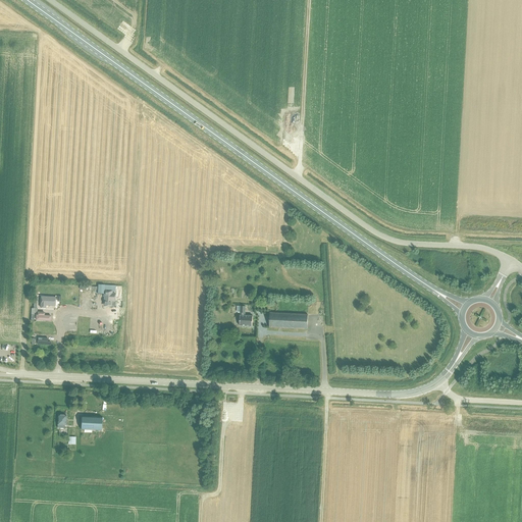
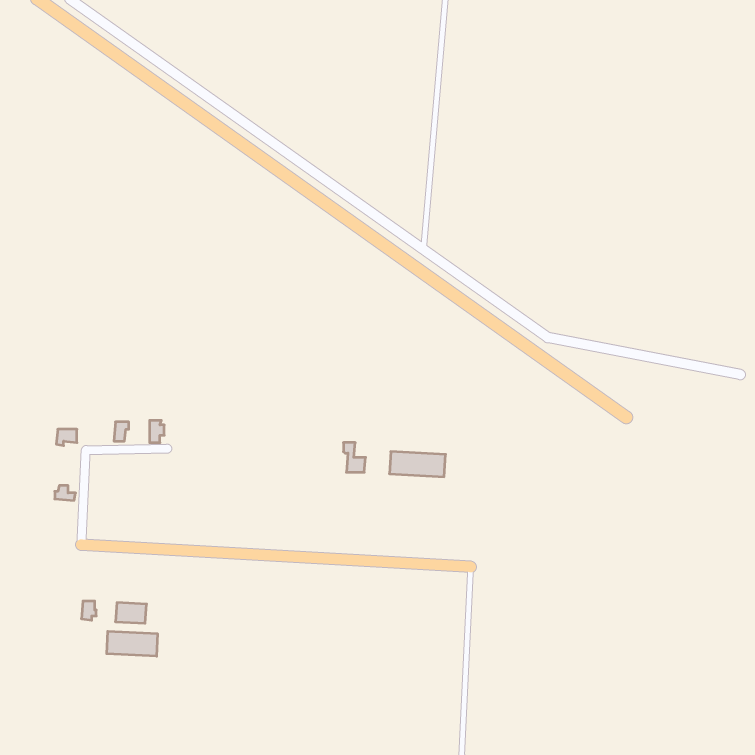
building: none -> [107,631,157,656]

